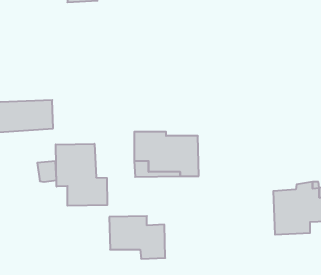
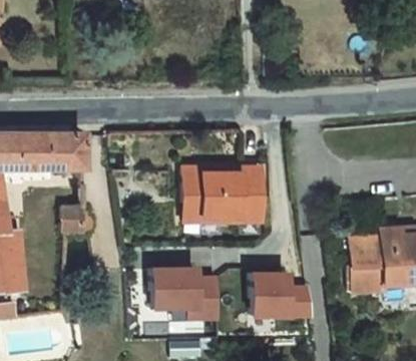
building: [56,144,107,206] -> none
building: none -> [249,276,310,318]

